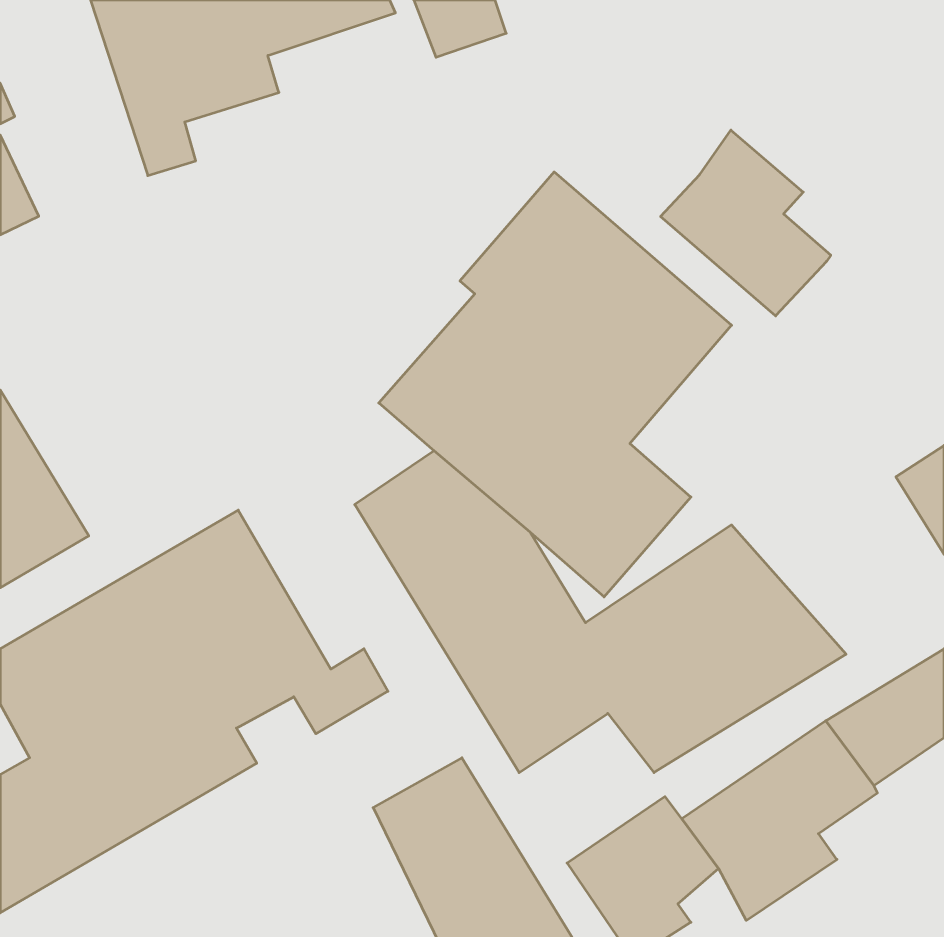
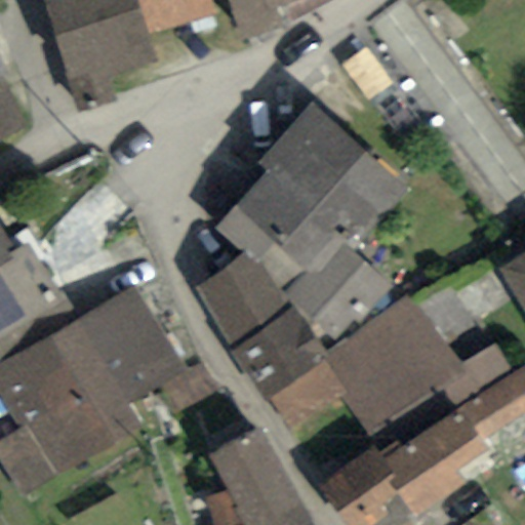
building: [661,130,831,316] -> none

